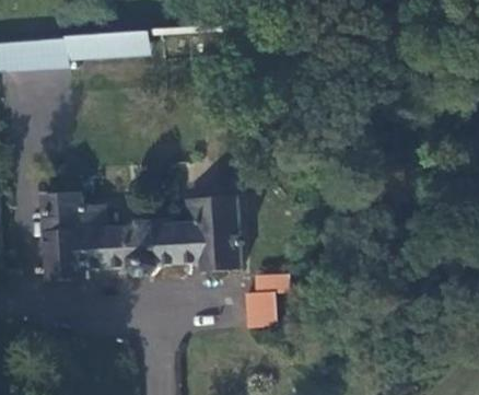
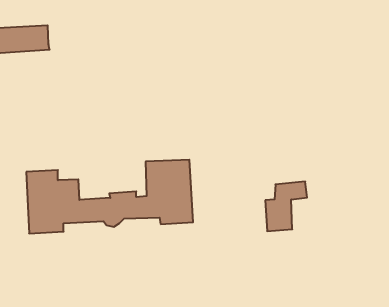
building: [68,31,161,58] -> none
building: [242,272,291,330] -> [265,182,307,231]

